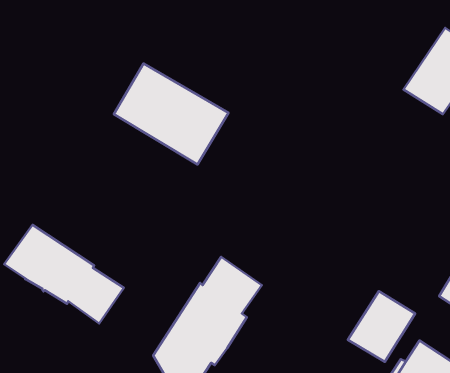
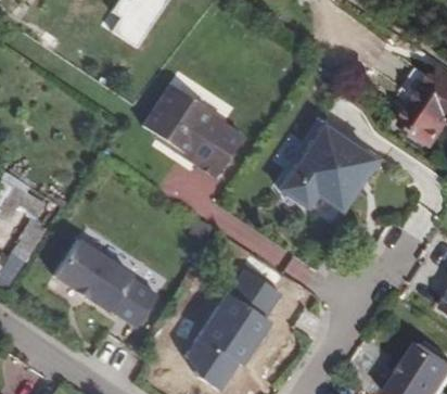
building: none -> [279,129,382,224]
building: [348,291,415,362] -> none

